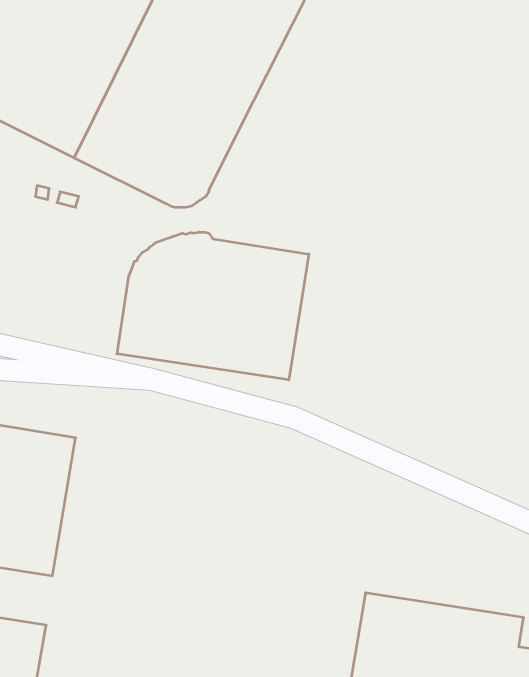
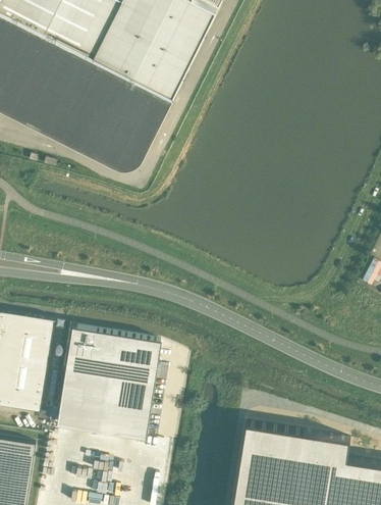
building: [117,232,309,380] -> none
building: none -> [58,330,162,441]

